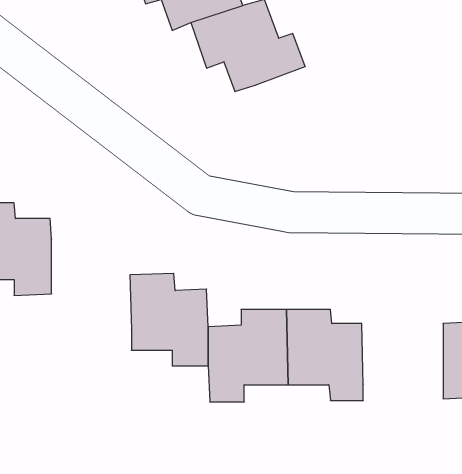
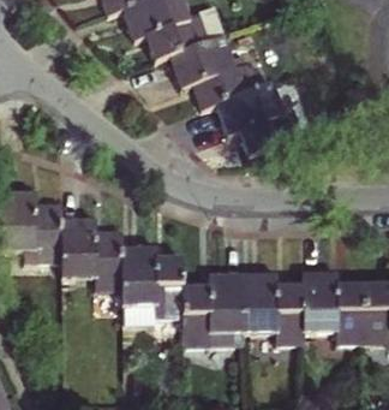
building: none -> [217,83,301,156]
building: none -> [61,220,122,290]
building: none -> [299,273,361,344]

